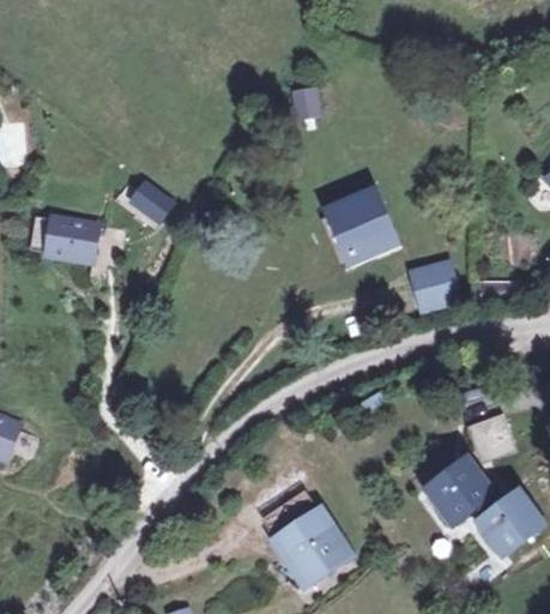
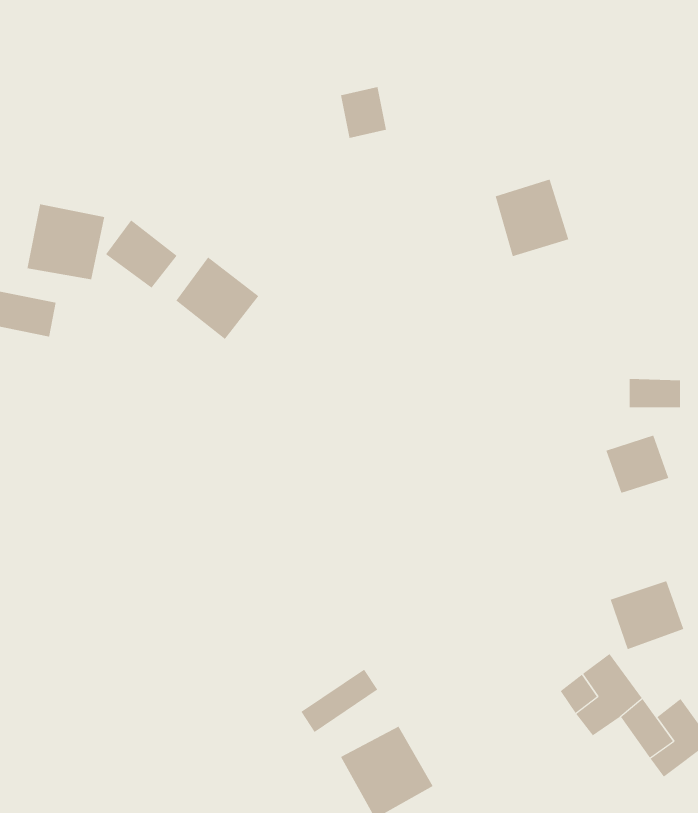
building: none -> [27,203,105,280]
building: none -> [176,257,259,340]
building: [337,206,388,260] -> [495,179,569,257]
building: [412,271,457,312] -> [605,435,669,494]

